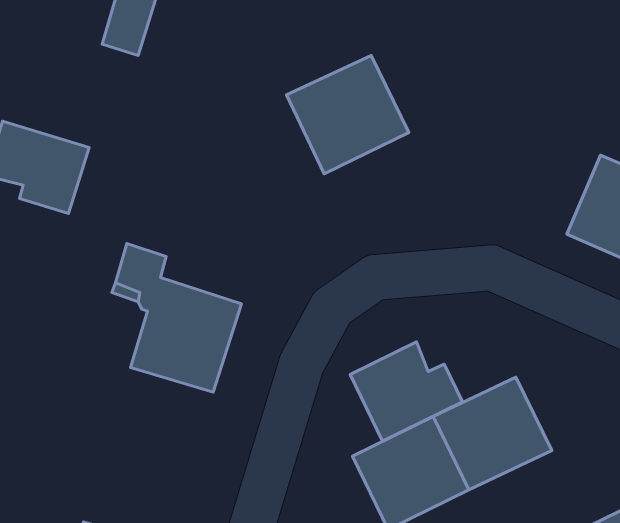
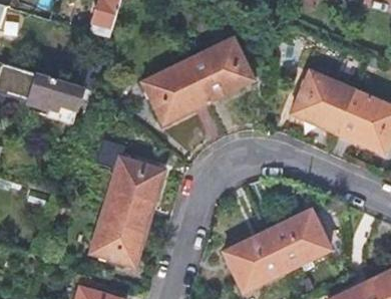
building: none -> [142,59,208,123]
building: none -> [291,71,355,133]
building: [350,342,463,441] -> none
building: none -> [89,205,148,267]

